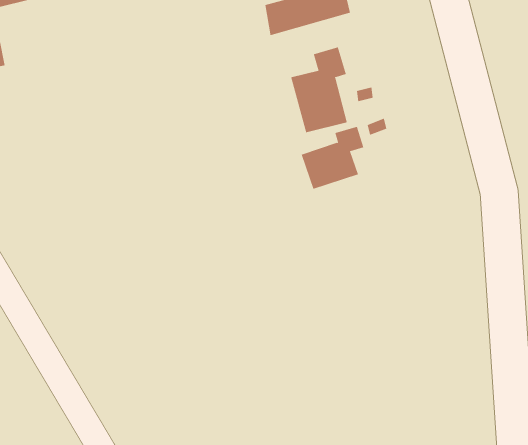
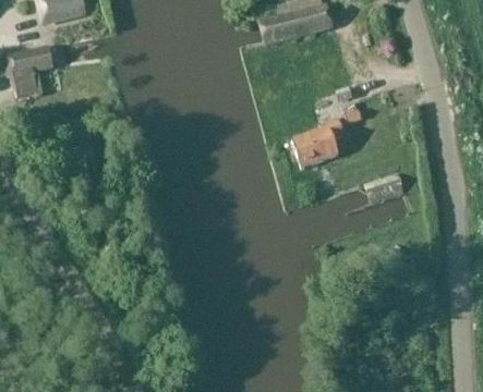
building: [291,47,348,133] -> none

